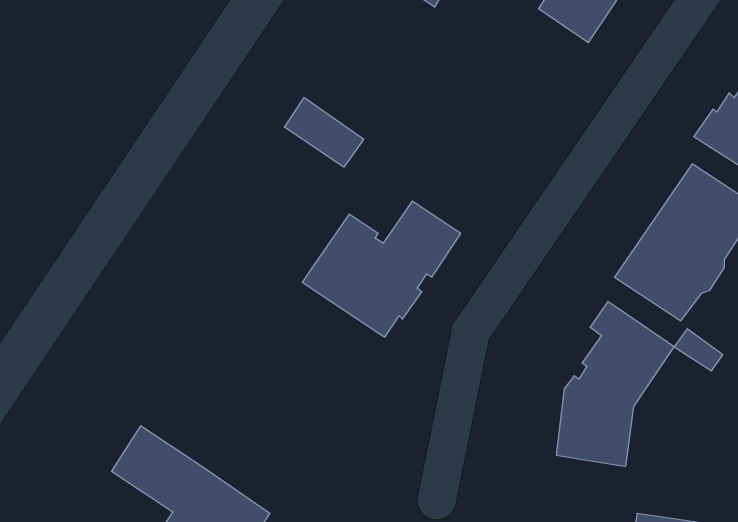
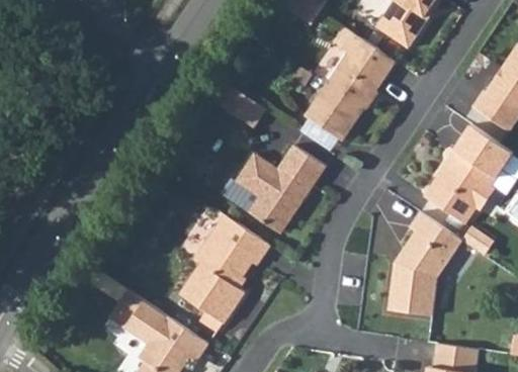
building: none -> [305,27,396,142]
building: none -> [179,214,270,329]

